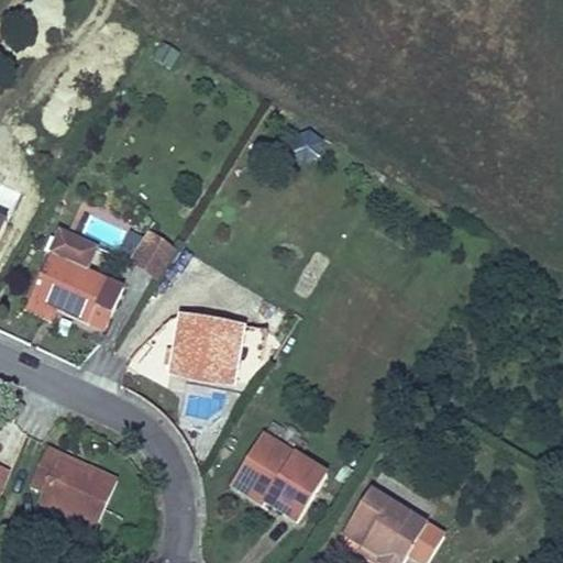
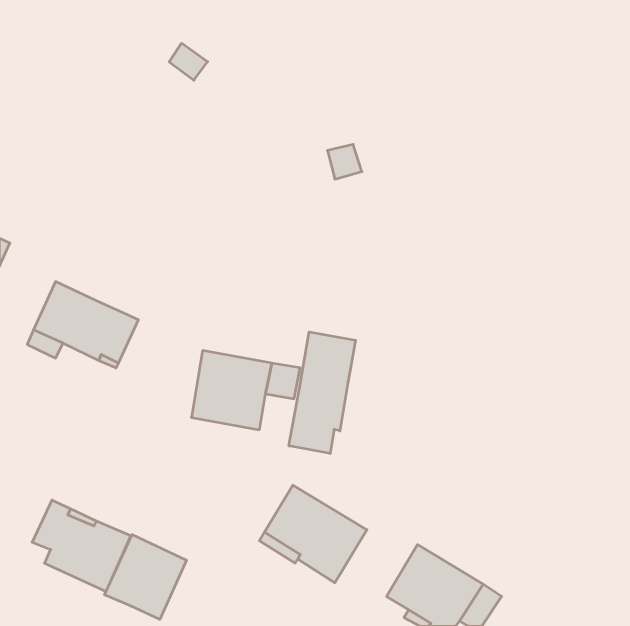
building: [49,229,96,267] -> none
building: [130,229,177,276] -> none
building: none -> [289,332,356,454]
building: none -> [105,535,186,619]

